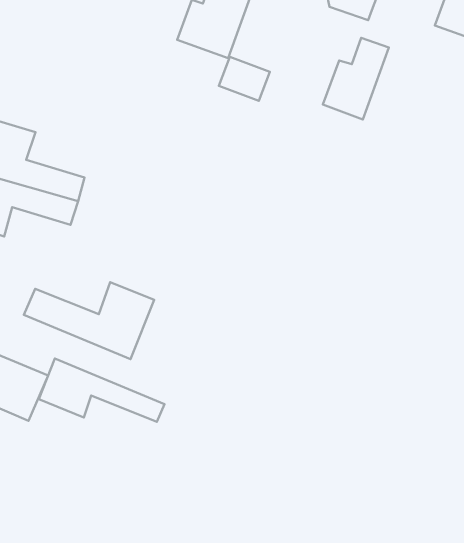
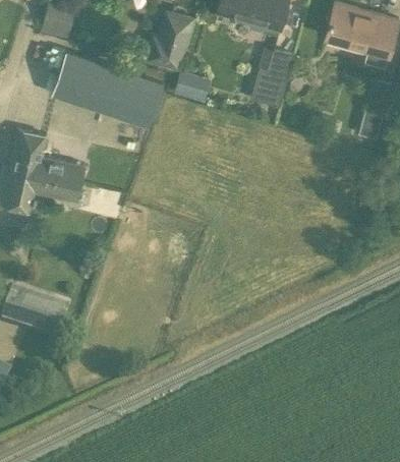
building: none -> [51,51,163,127]
building: [24,282,154,359] -> none
building: [39,359,165,422] -> none

